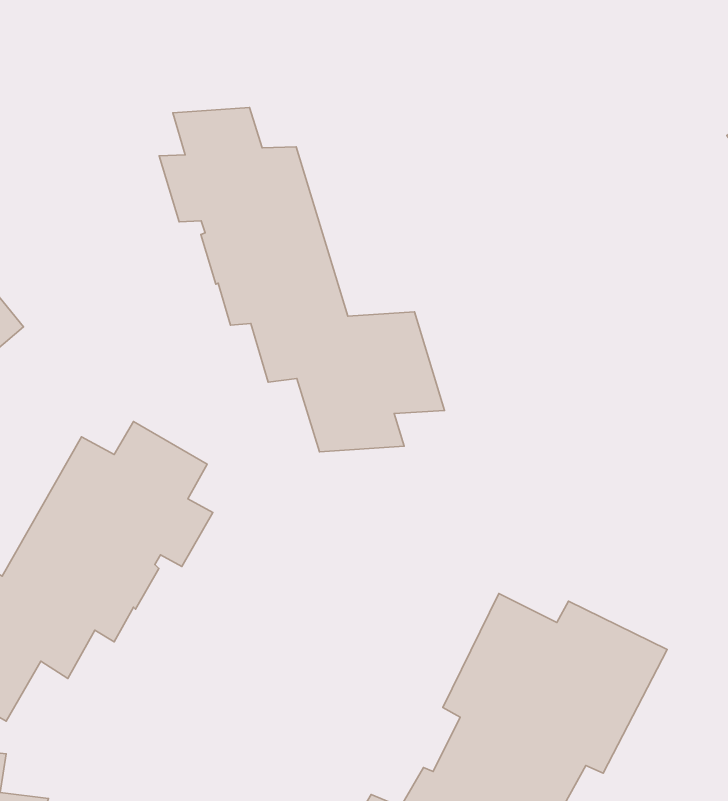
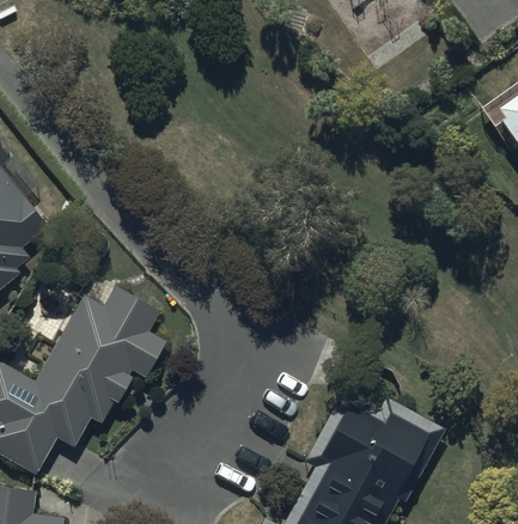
building: [159,107,445,452] -> none

